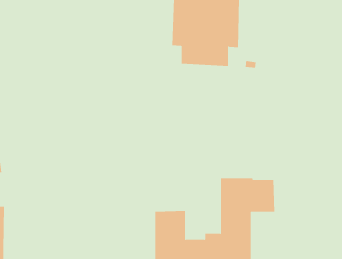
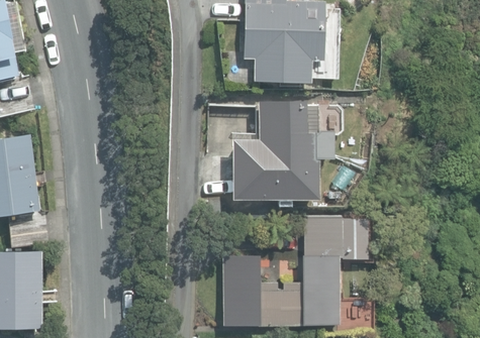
building: none -> [231,102,342,200]

